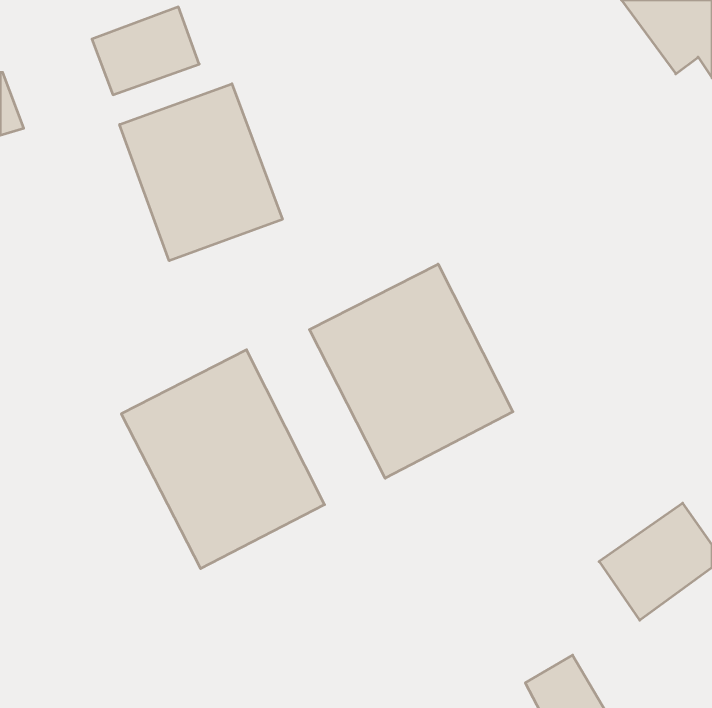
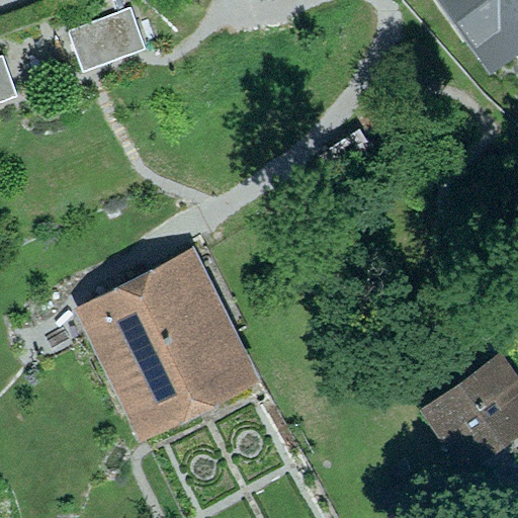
building: [120,84,282,261] -> none
building: [309,264,513,478] -> none

